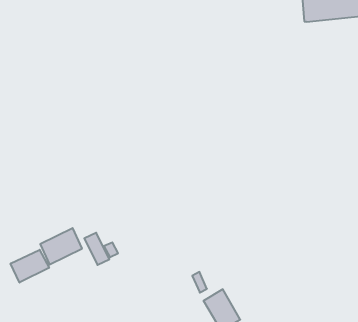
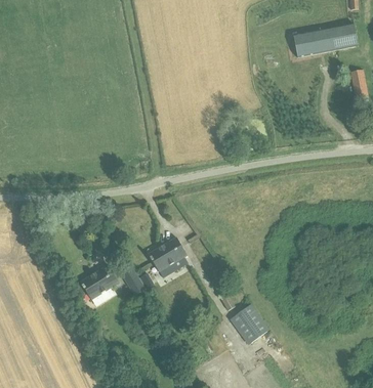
building: none -> [148,236,186,271]
building: [11,250,49,283] -> none

